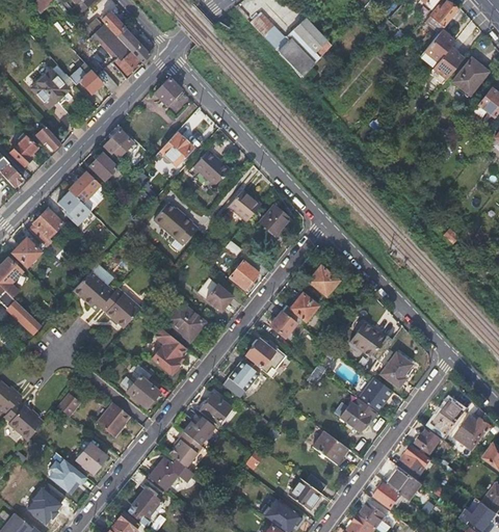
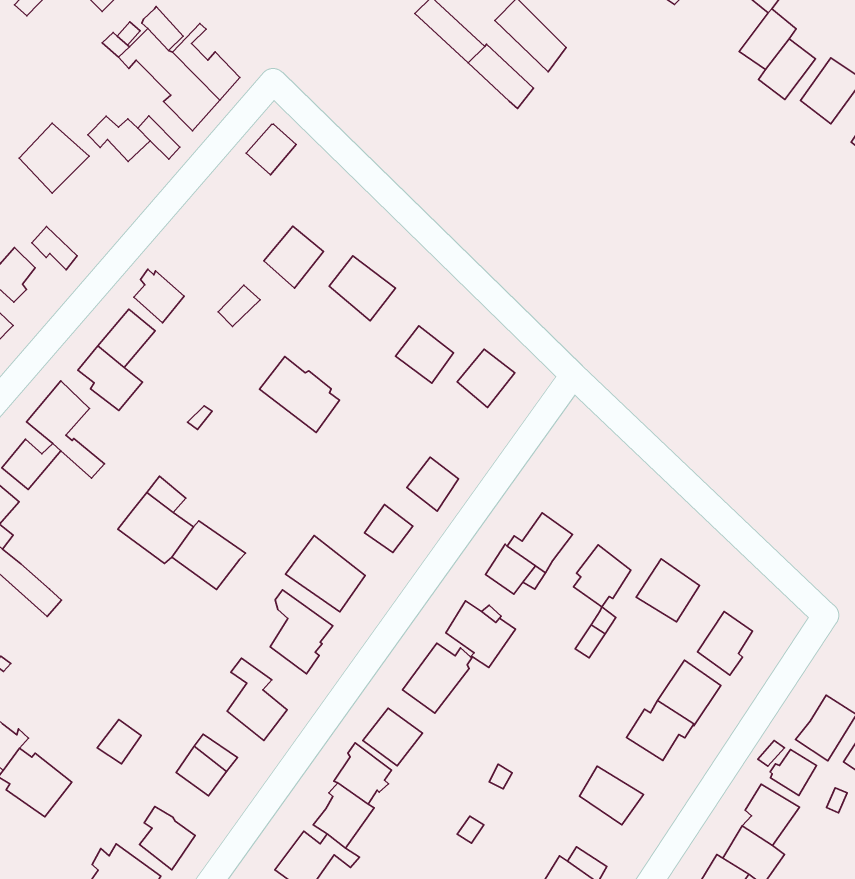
building: [104,130,132,159] -> none
building: [306,266,337,299] -> [574,545,631,607]

